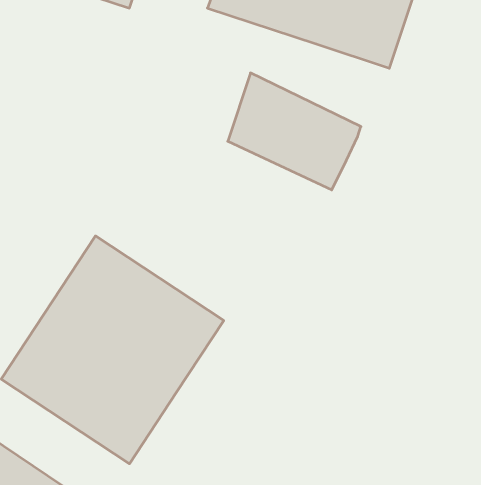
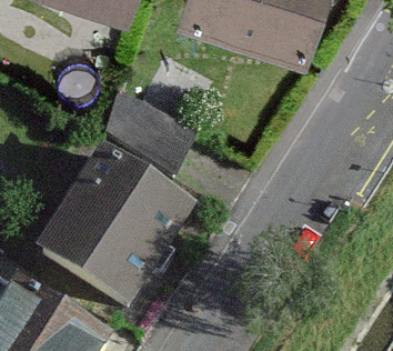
building: [228,73,361,190] -> [103,112,194,192]

